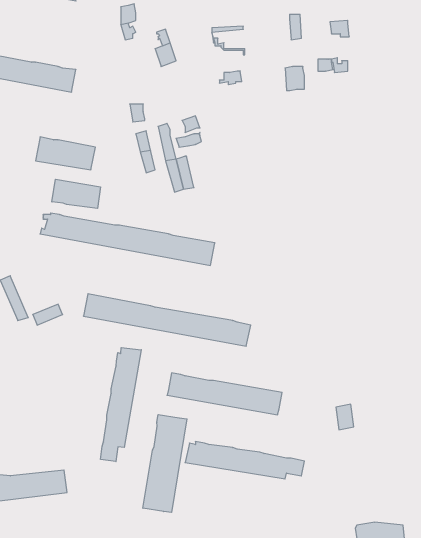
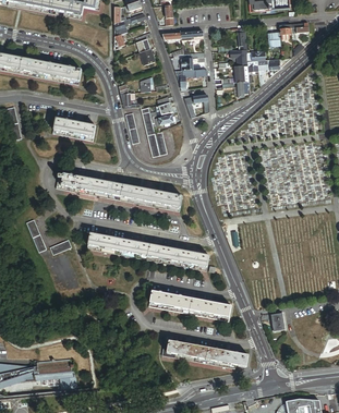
building: [52,179,100,208] -> none
building: [101,348,141,462] -> none
building: [143,415,187,512] -> none

